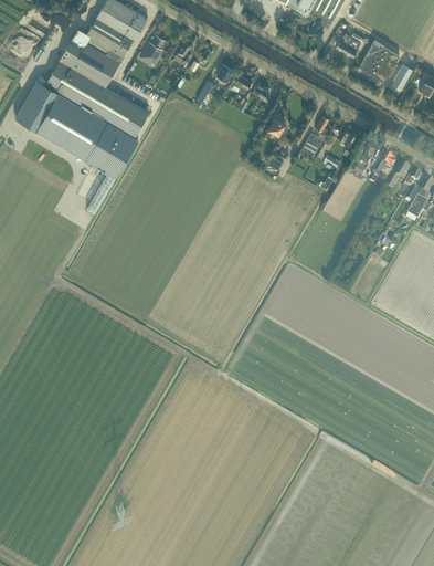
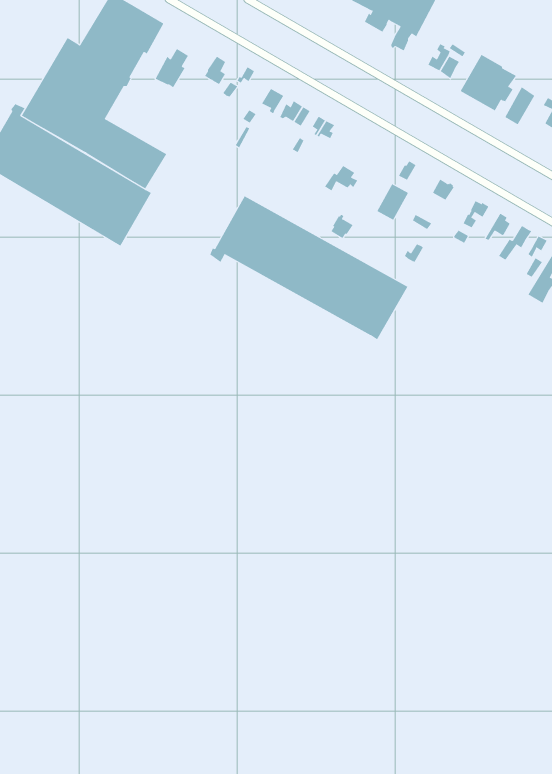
building: none -> [210,196,408,340]

